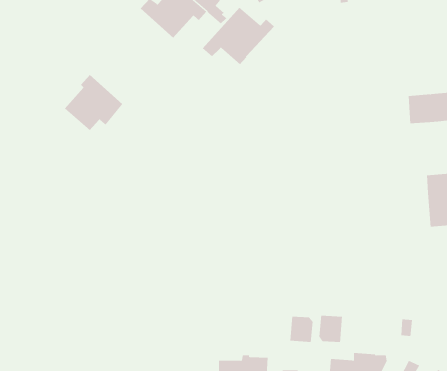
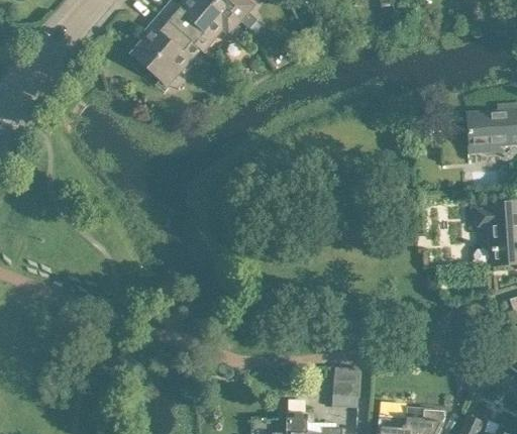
building: [202,7,274,65] -> none
building: [64,74,123,131] -> [131,15,199,80]
building: [319,315,342,343] -> none

